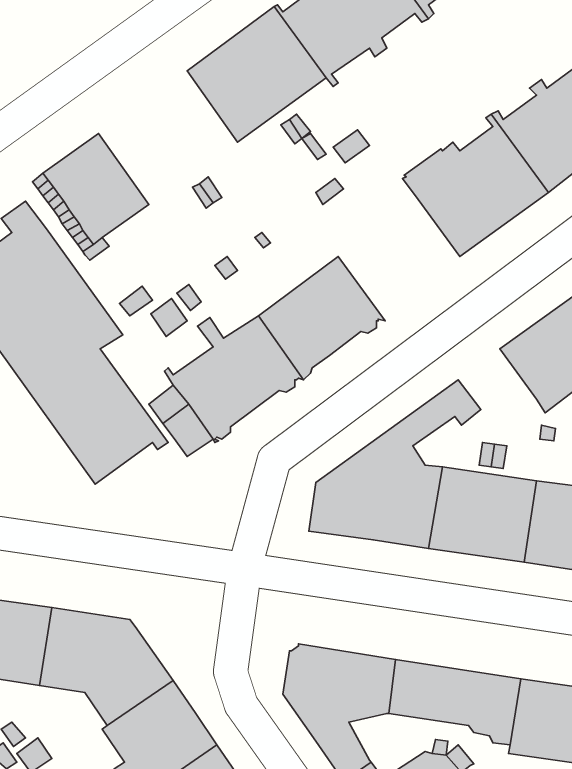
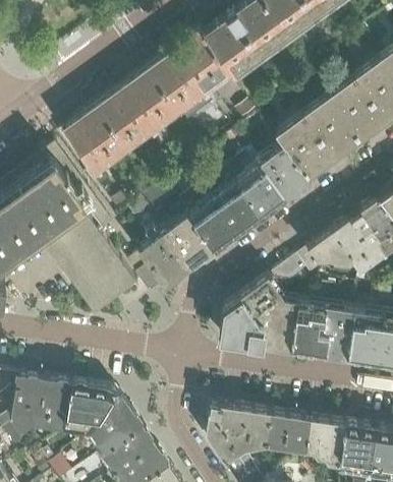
building: none -> [97,70,178,148]
building: none -> [237,145,310,217]
building: none -> [307,233,353,268]

